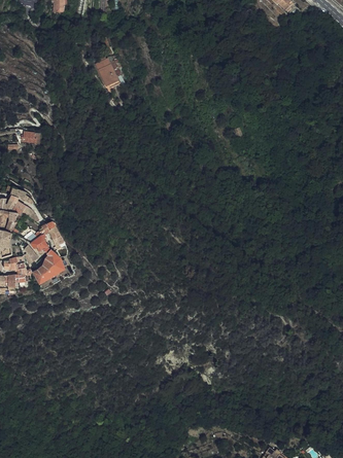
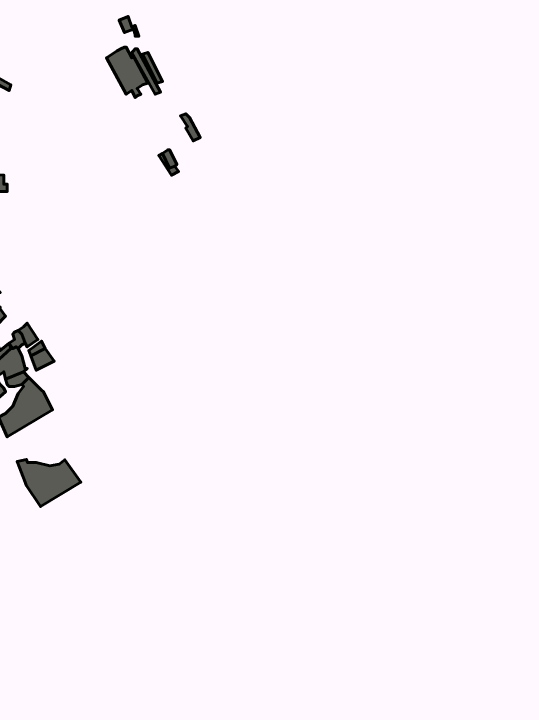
building: none -> [17,460,81,506]

